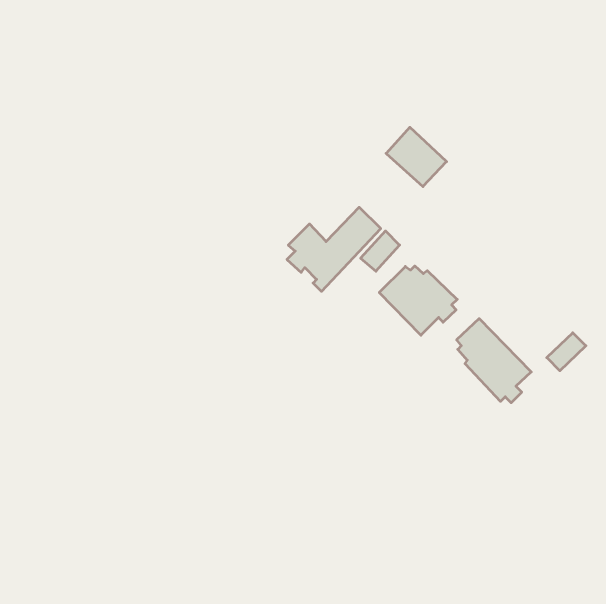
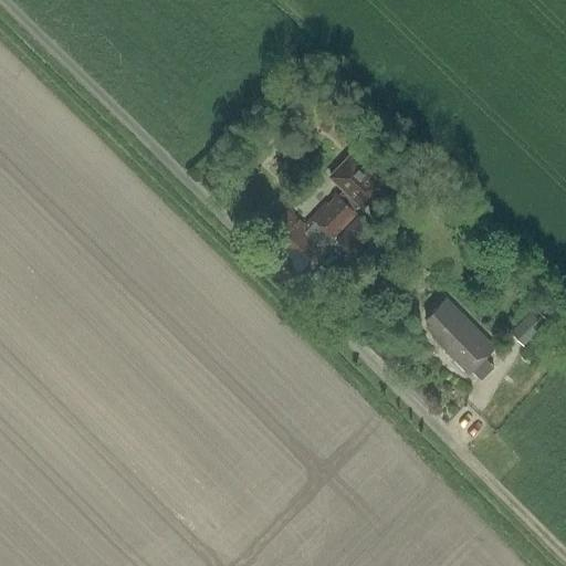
building: [386,127,447,187] -> [327,153,384,208]
building: [379,266,457,335] -> none

